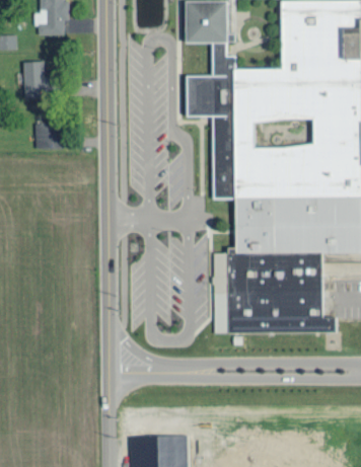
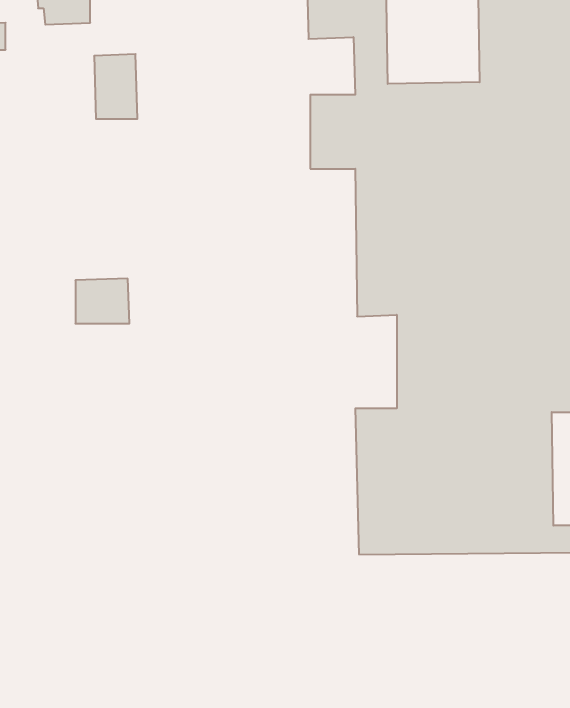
building: [22,61,47,97] -> [94,54,137,119]
building: [34,124,65,149] -> [75,279,129,324]

